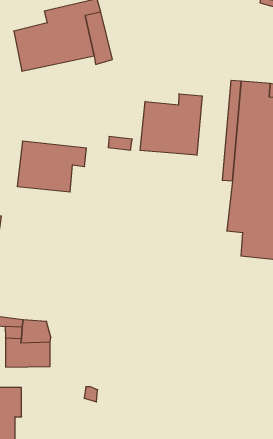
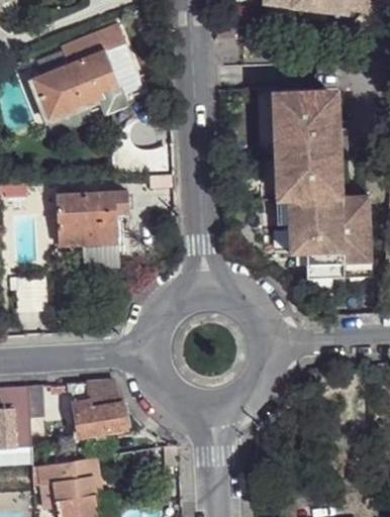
building: [140,94,202,155] -> none

